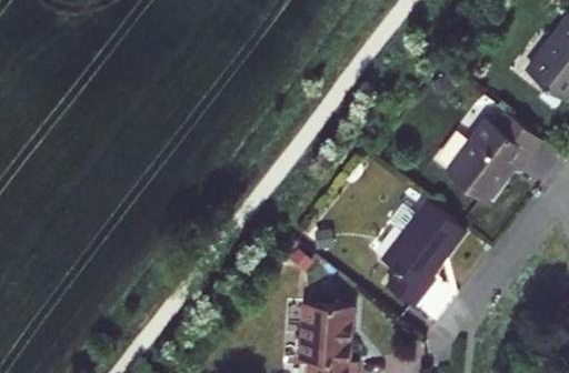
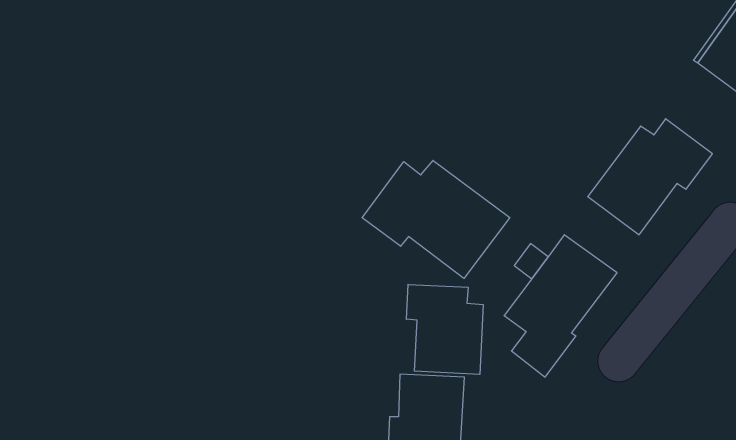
building: none -> [362,160,510,278]
building: none -> [406,284,483,374]

